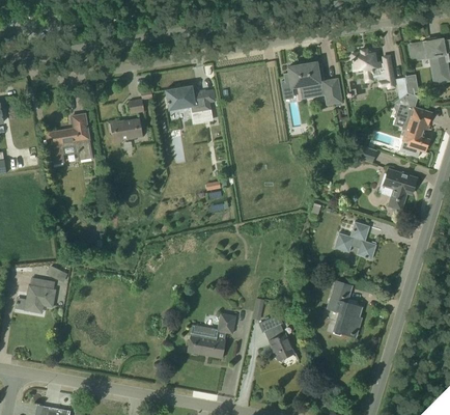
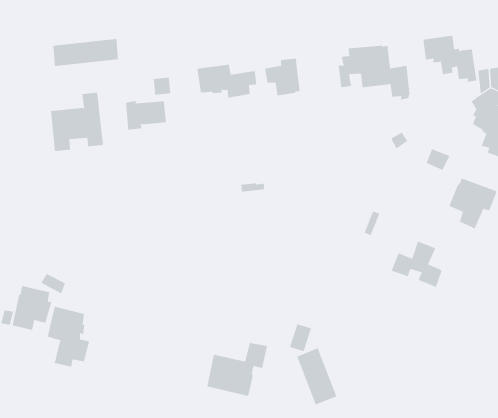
building: none -> [53,38,119,67]
building: none -> [265,58,300,96]
building: [327,279,362,336] -> none
building: none -> [47,306,90,367]

